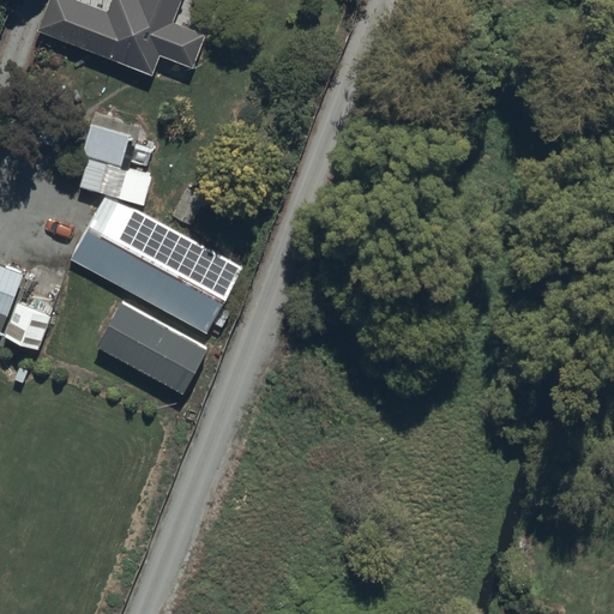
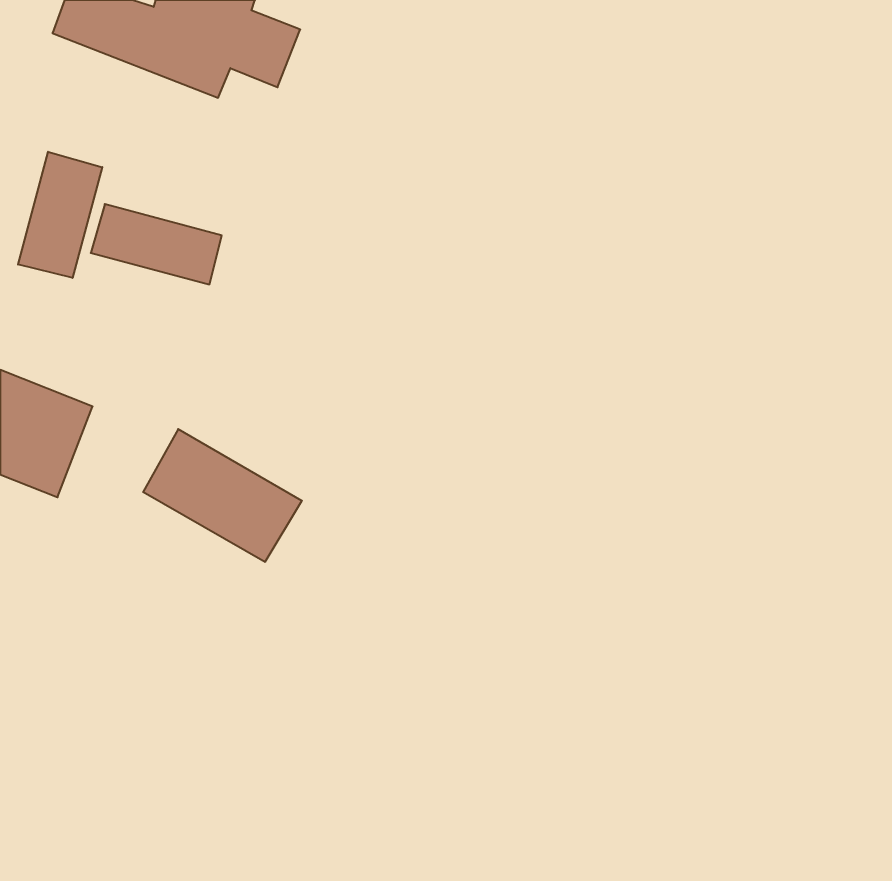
building: none -> [18,152,102,278]
building: [67,197,237,332] -> none

